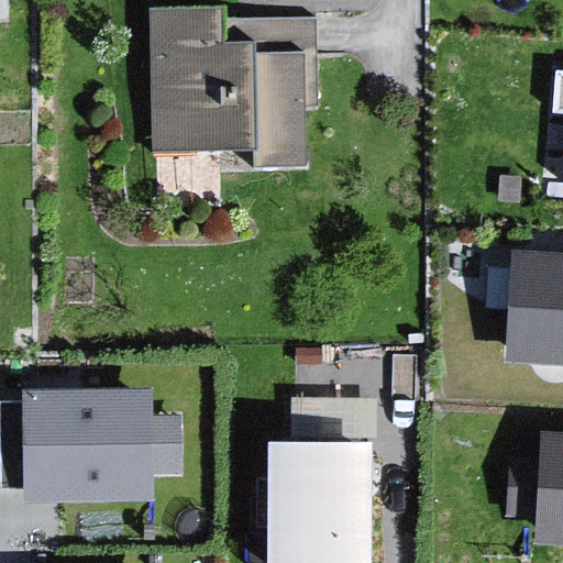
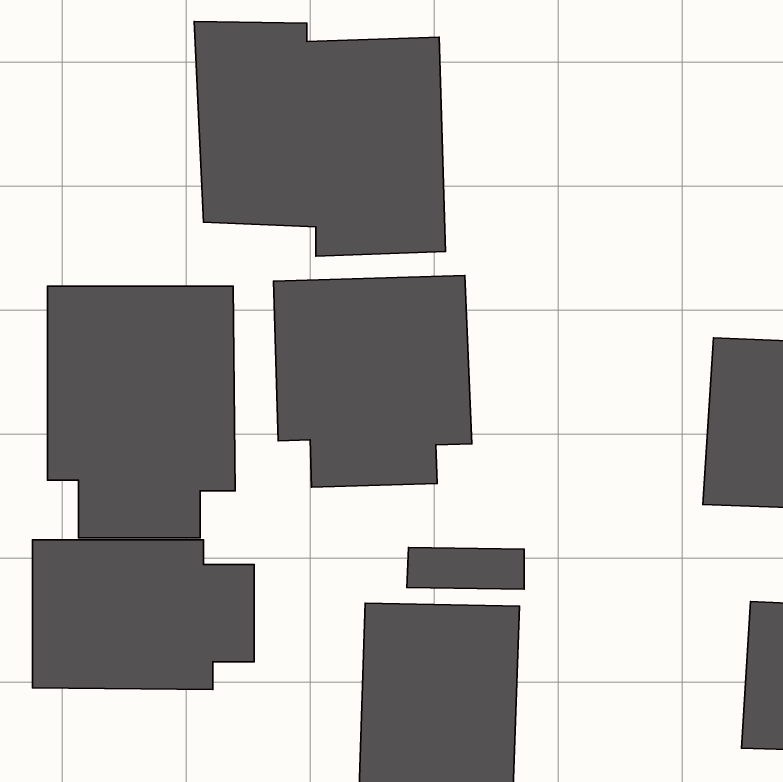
building: none -> [274,276,472,487]
building: none -> [47,286,235,538]

